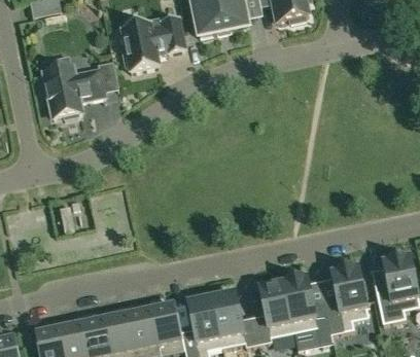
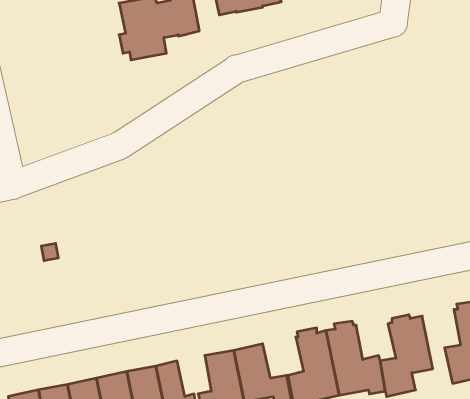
building: [42,65,104,117] -> none

